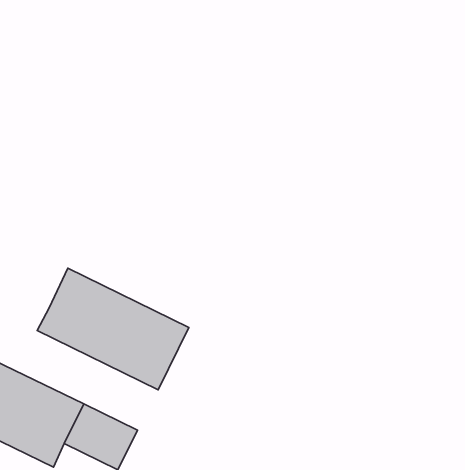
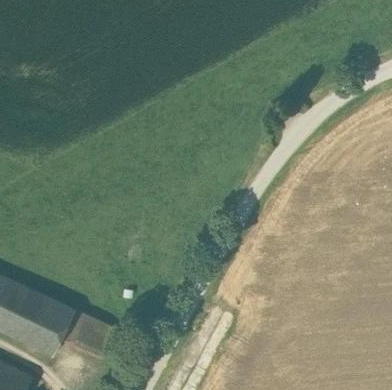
building: [37,268,189,390] -> none

